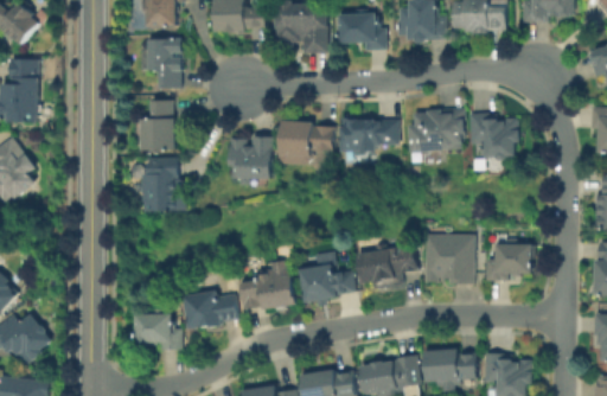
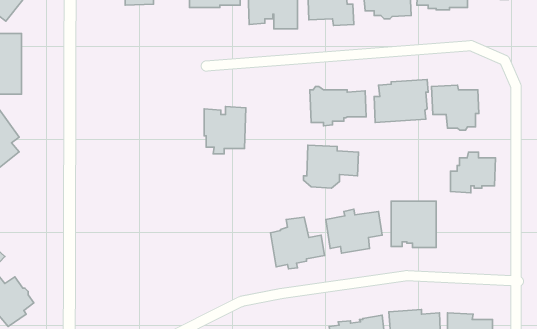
building: [140,37,181,89] -> none
building: [139,100,174,151] -> none
building: [276,120,334,165] -> [303,145,359,188]
building: [142,158,184,212] -> none
building: [486,238,533,281] -> [450,152,495,193]
building: [239,261,295,309] -> none
building: [183,292,238,330] -> none
building: [134,309,181,349] -> none

